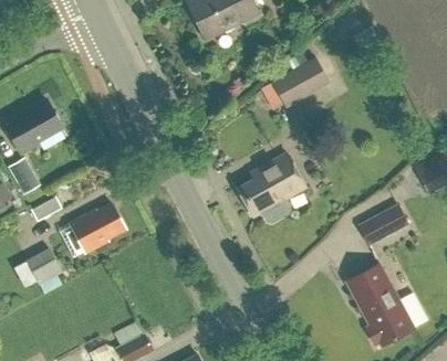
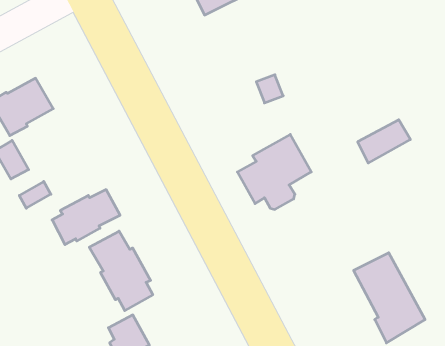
building: [271,57,330,108] -> none
building: [358,205,408,246] -> [358,120,410,163]
building: none -> [89,231,153,311]
building: [25,248,62,293] -> none

